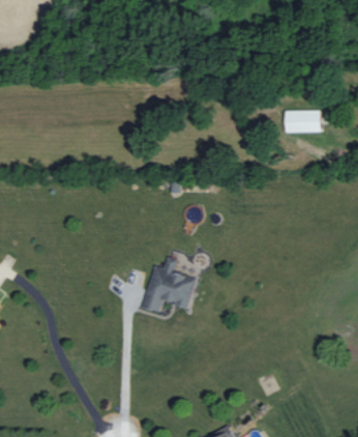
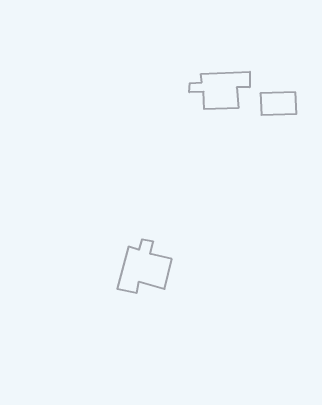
building: none -> [189,72,250,109]

